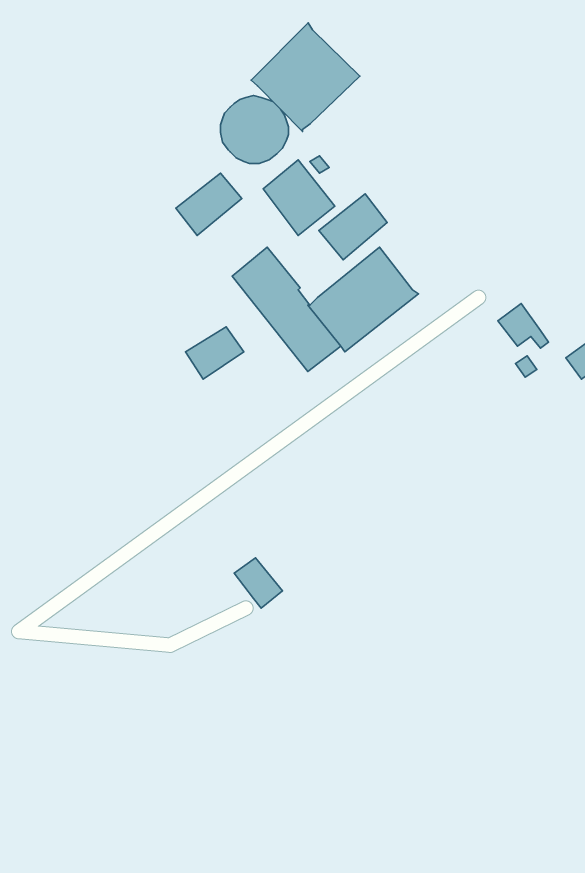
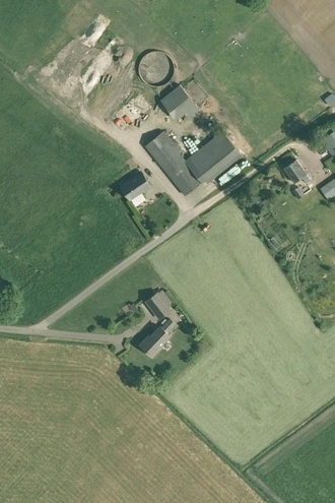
building: [251,23,360,131] -> none
building: [319,194,387,260] -> none
building: none -> [138,319,174,357]

